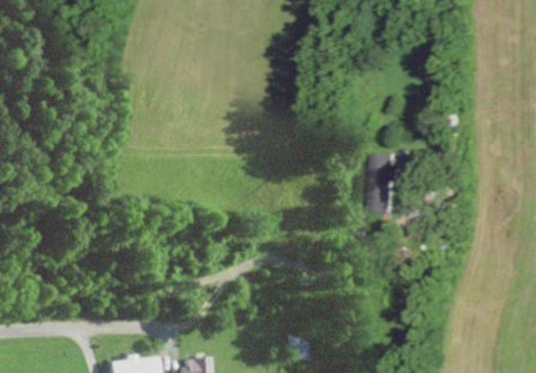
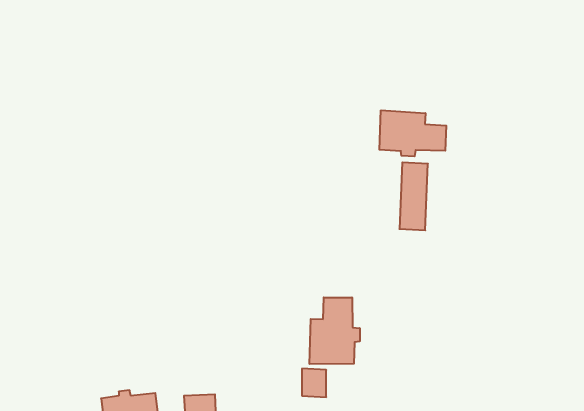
building: none -> [379,110,446,156]
building: none -> [310,297,360,364]

